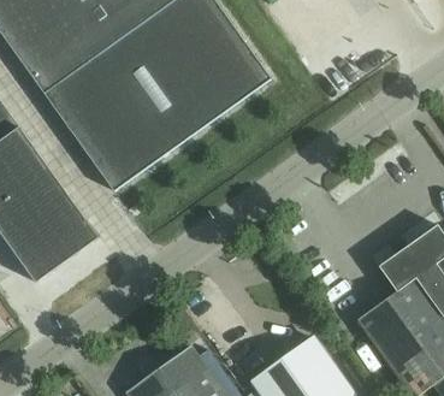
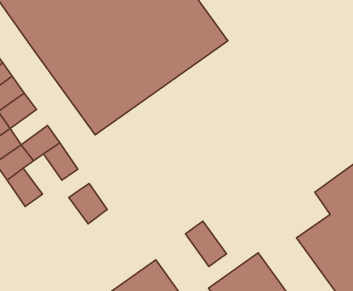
building: [17,166,61,208] -> none
building: [32,219,78,267] -> [69,183,107,224]
building: none -> [185,221,226,266]

